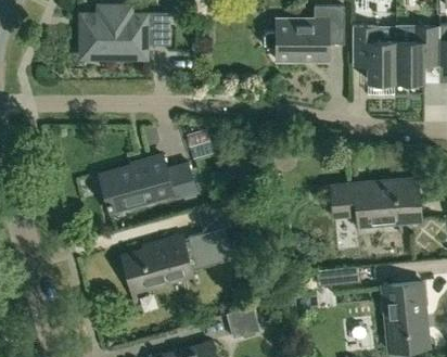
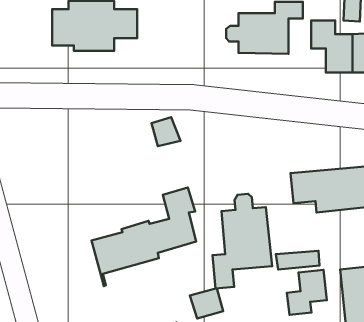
building: [101,155,196,212] -> none
building: none -> [212,194,272,288]
building: none -> [287,270,327,315]

